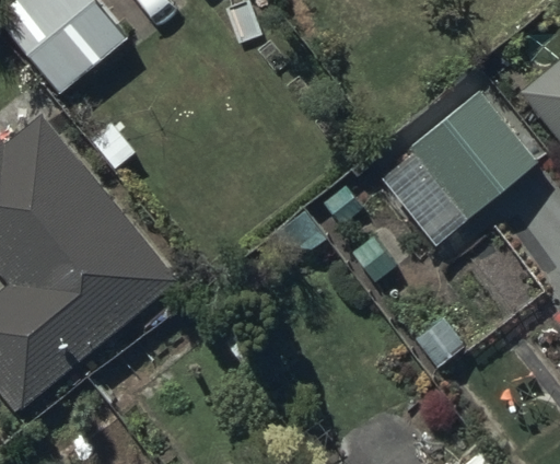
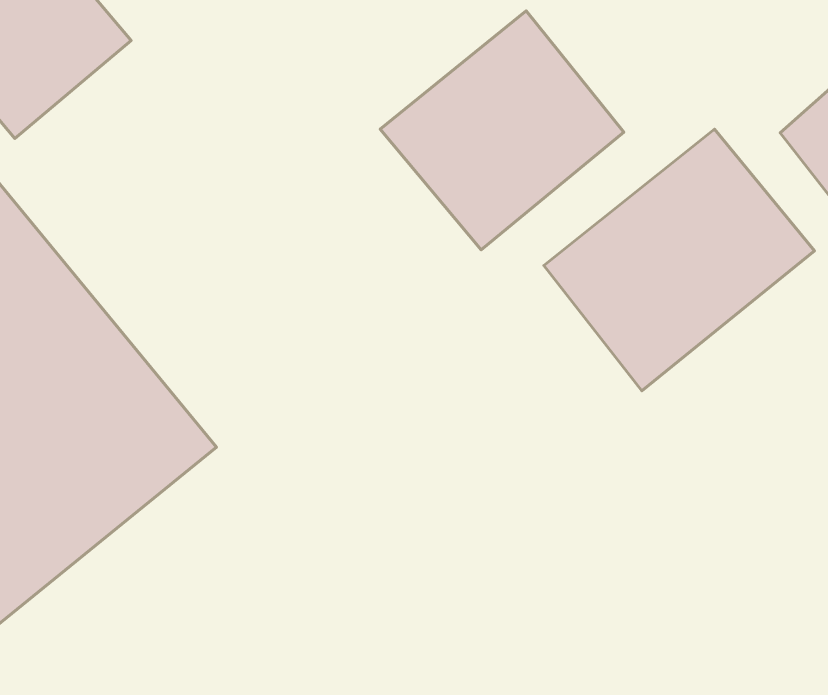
building: none -> [380,11,624,250]

